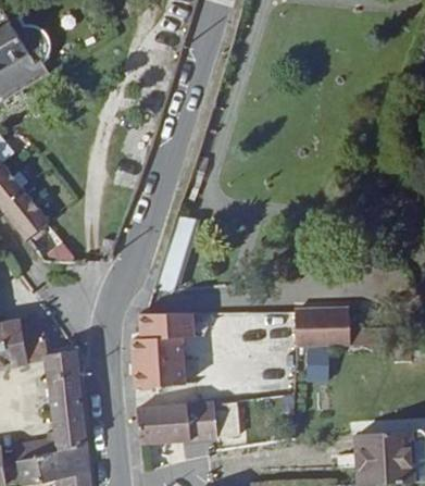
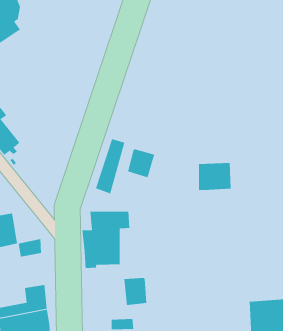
building: none -> [127,148,155,178]
building: [292,312,337,350] -> [198,162,231,191]
building: [49,371,83,418] -> none
building: [138,406,191,446] -> none

